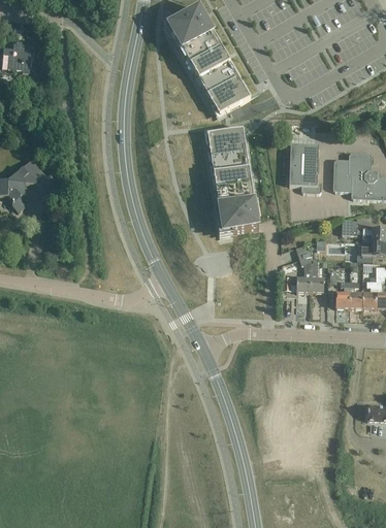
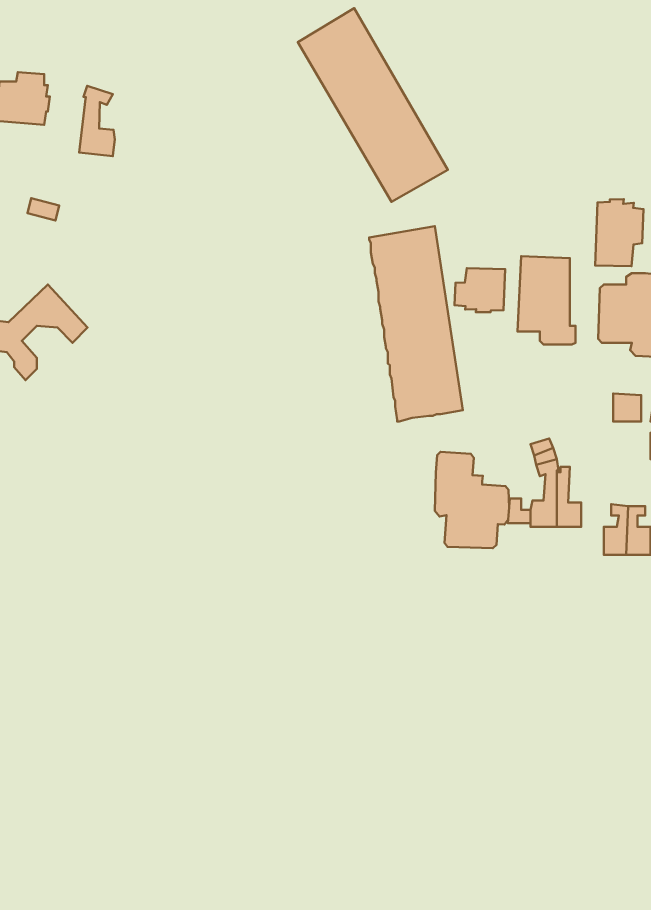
building: none -> [79,86,115,156]
building: none -> [595,199,643,266]
building: none -> [455,268,505,312]
building: none -> [435,452,509,548]

